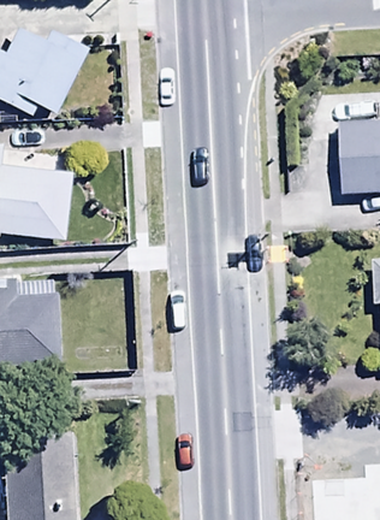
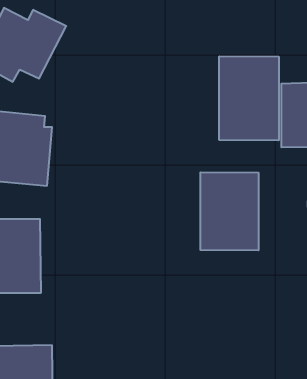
building: none -> [219,56,279,140]
building: none -> [200,172,258,250]

